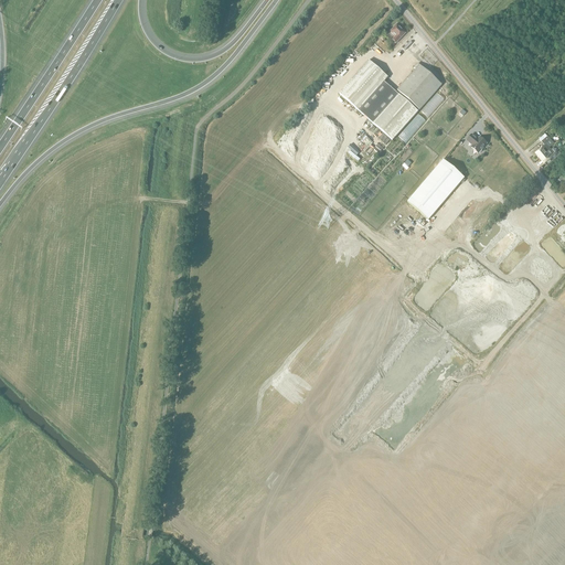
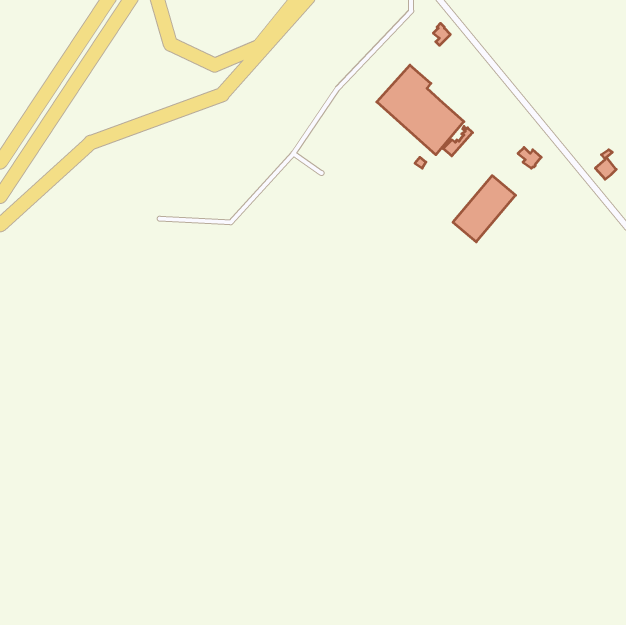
building: [398,62,443,108] -> none

